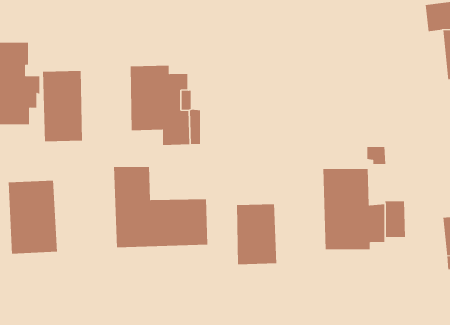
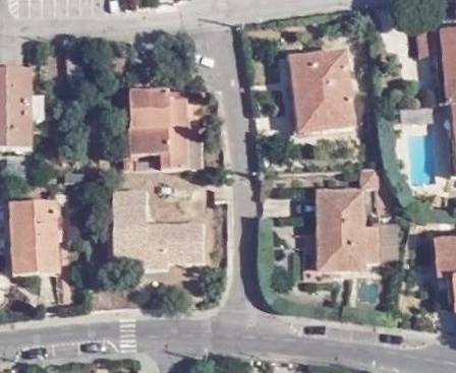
building: none -> [291,51,353,132]
building: [43,70,82,142] -> none
building: [236,203,277,265] -> none

